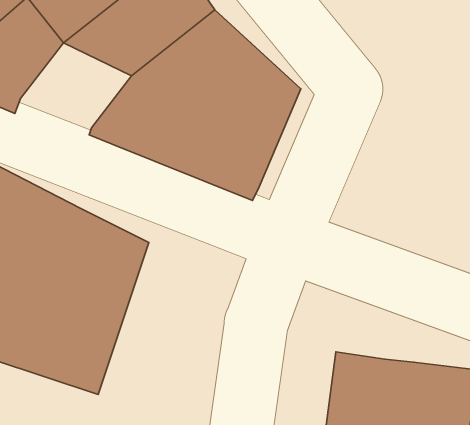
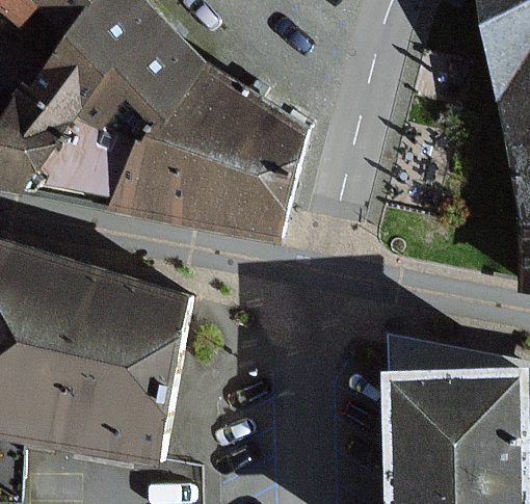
building: none -> [36,120,140,197]

